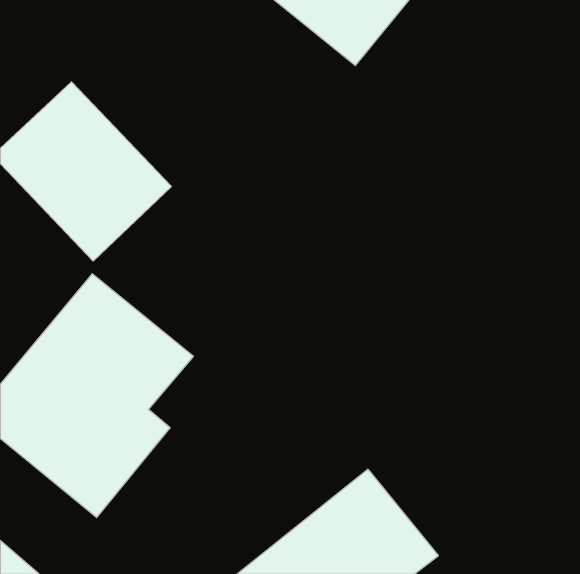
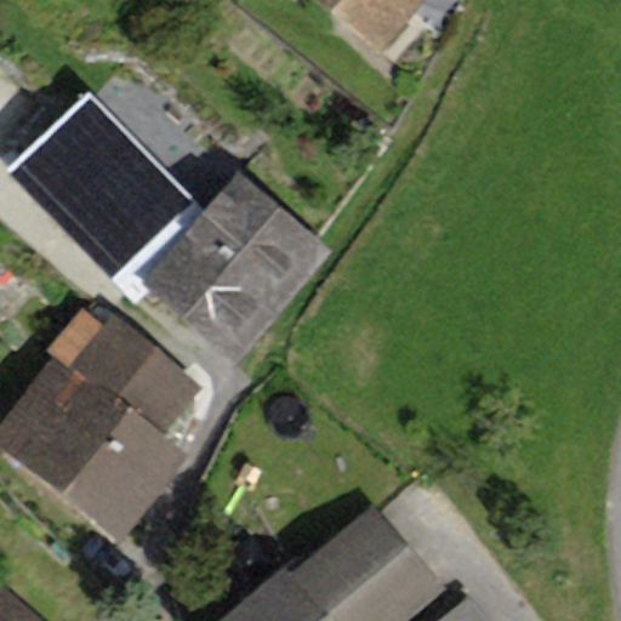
building: none -> [141,171,330,365]

